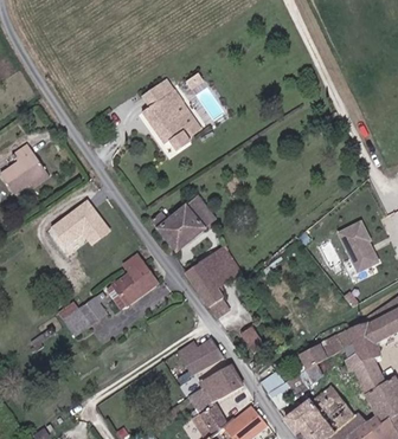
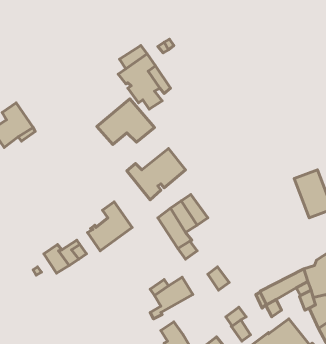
building: [49,196,113,247] -> [97,99,154,144]
building: [199,364,243,402] -> none

